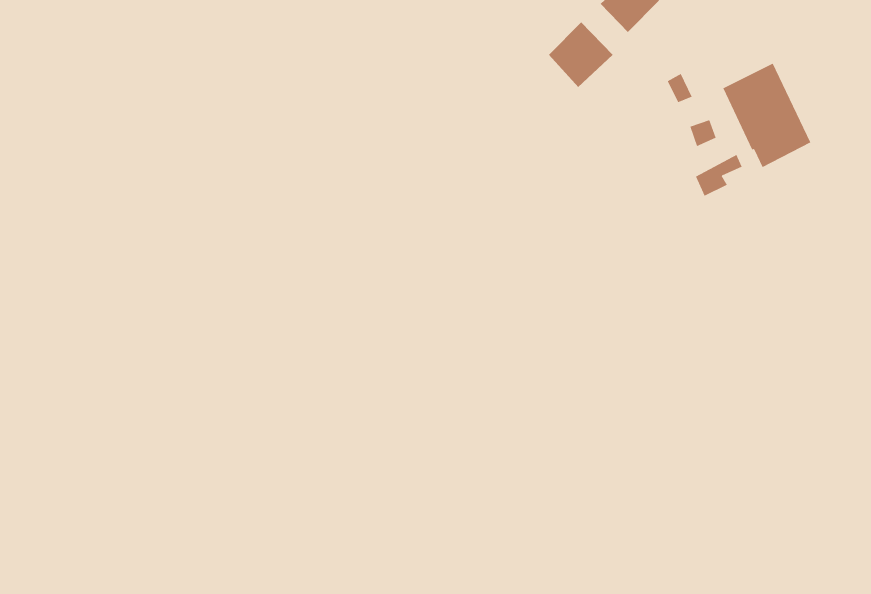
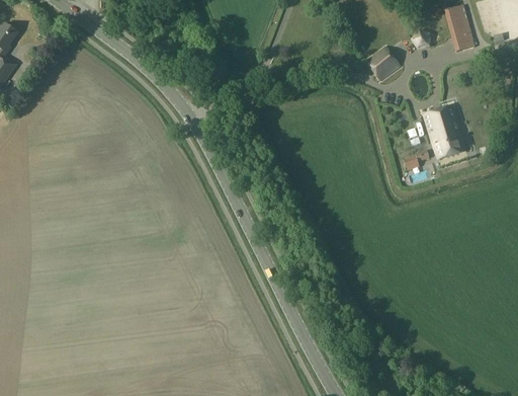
building: [548,22,614,88] -> none

